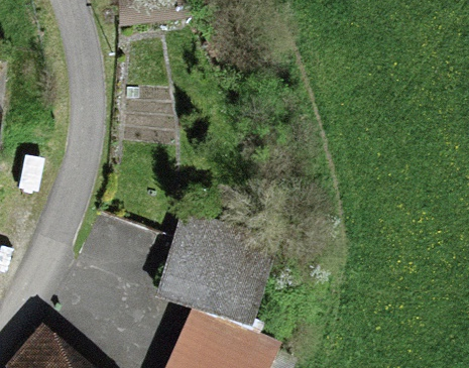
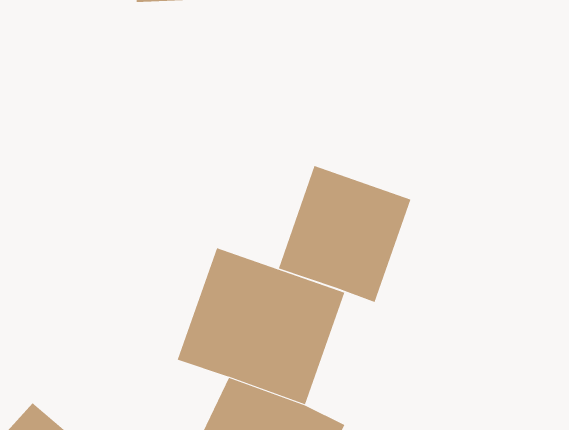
building: none -> [278,165,411,303]

